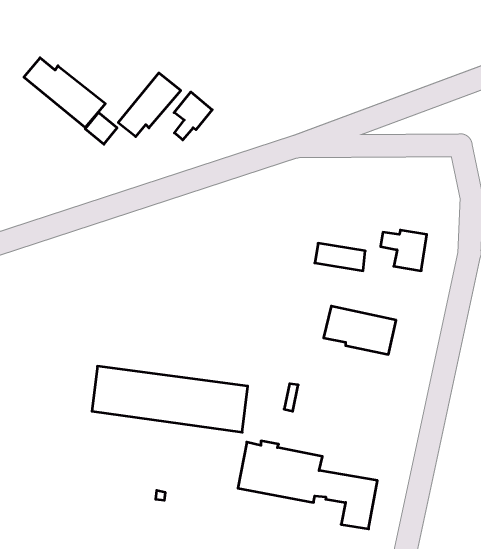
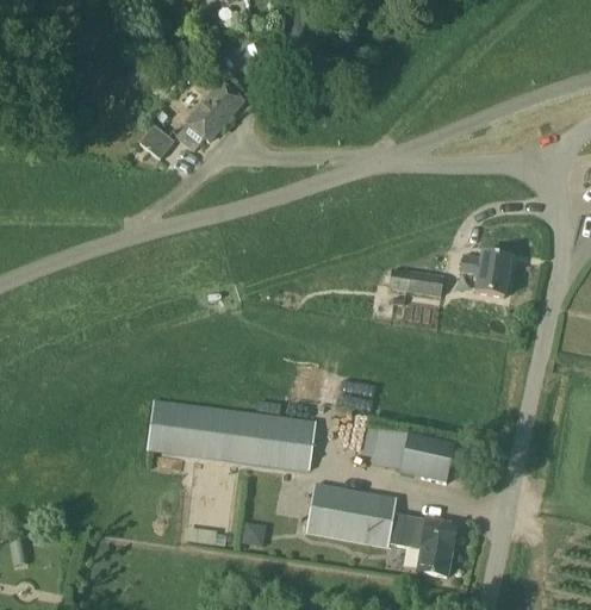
building: [24,58,105,128] -> none
building: [174,92,212,140] -> none
building: [324,306,396,354] -> [375,430,454,483]

